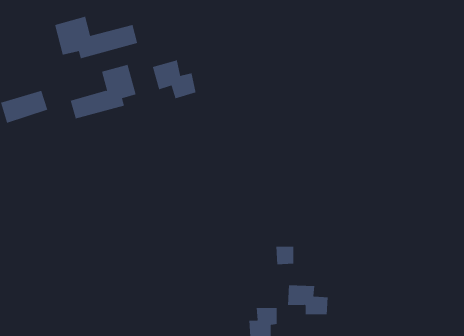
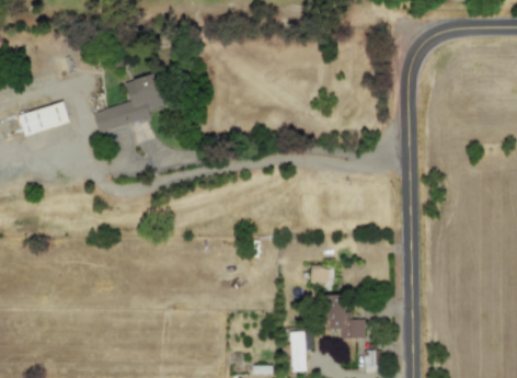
building: [54,16,138,59] -> none
building: [152,59,196,99] -> none

